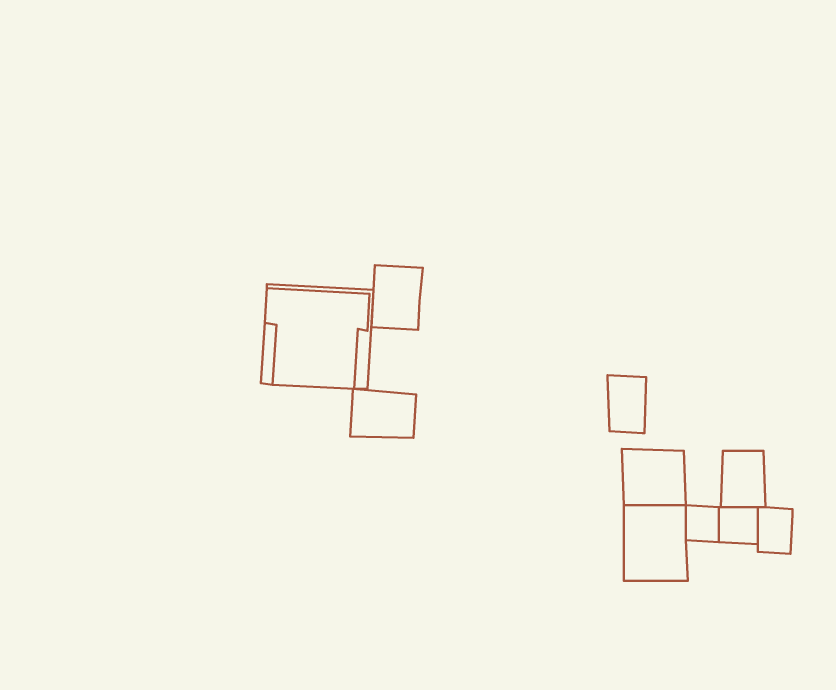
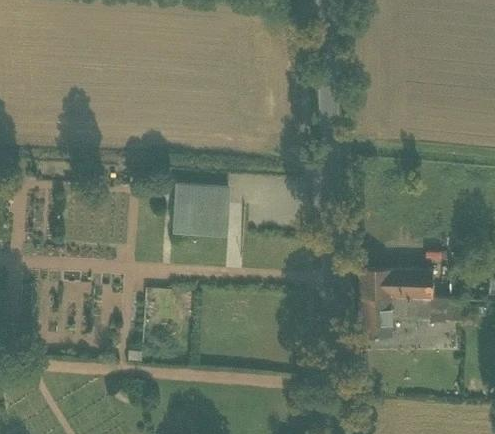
building: [371,265,423,330] -> none
building: [607,375,646,433] -> [391,268,411,298]
building: [350,389,416,438] -> none

